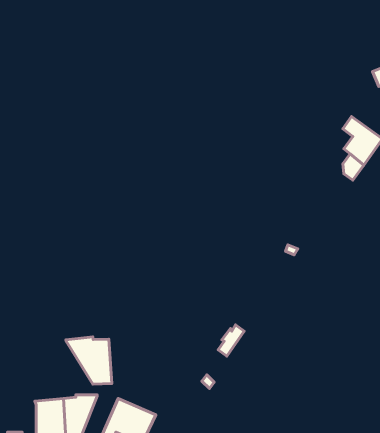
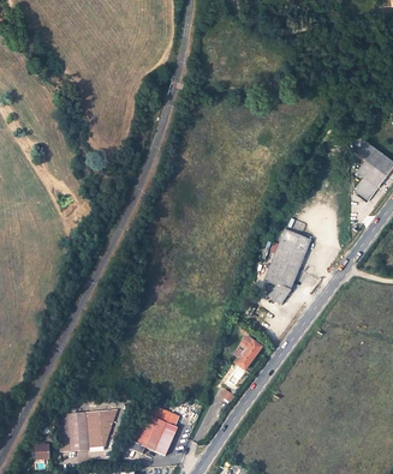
building: none -> [268,230,309,305]
building: [66,337,112,384] -> none

